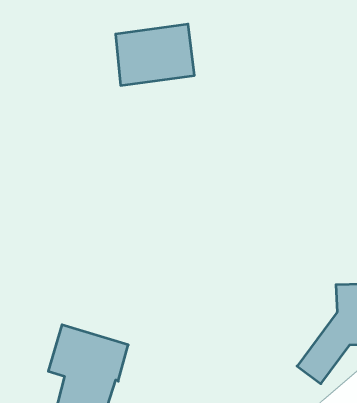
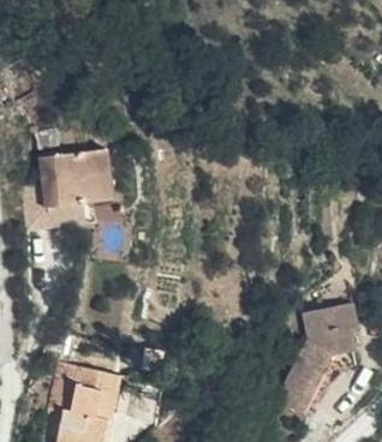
building: [116,24,194,85] -> [46,145,121,204]

